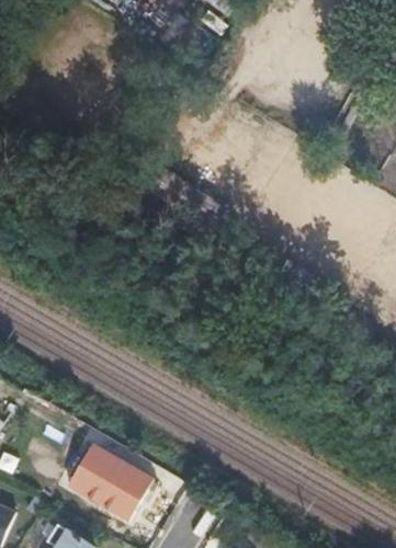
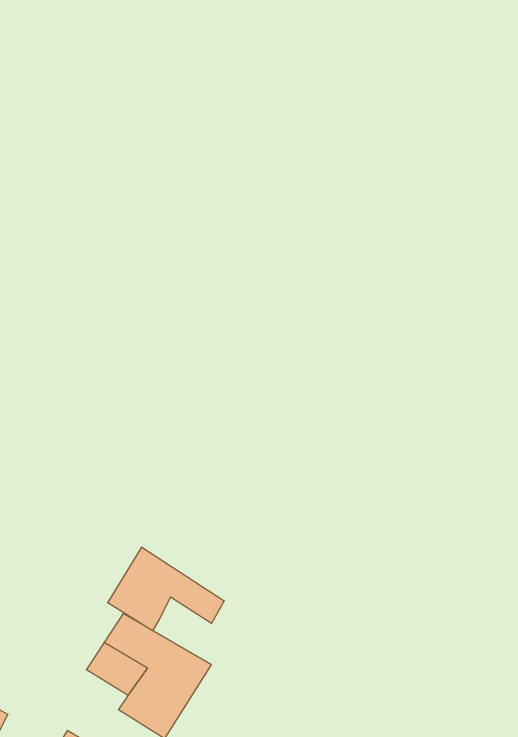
building: none -> [108,547,224,631]

